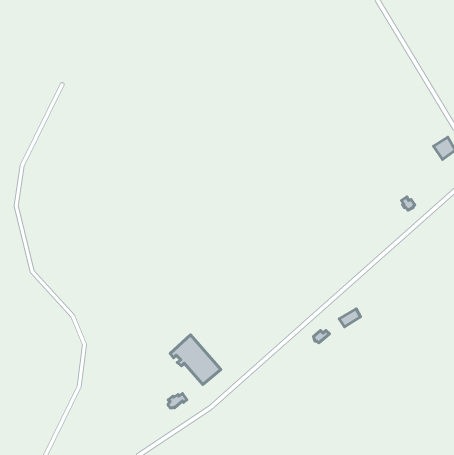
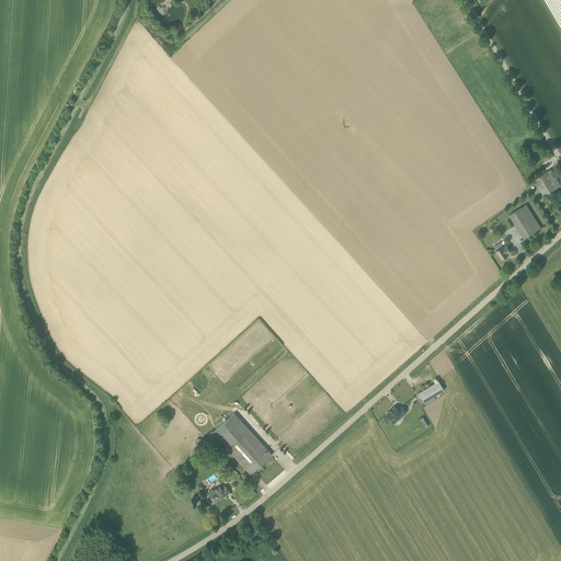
building: none -> [511,204,542,239]

